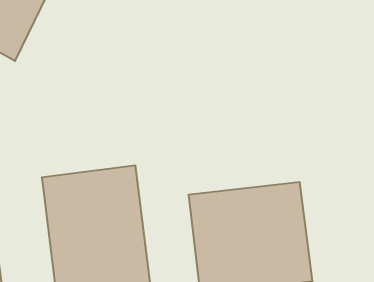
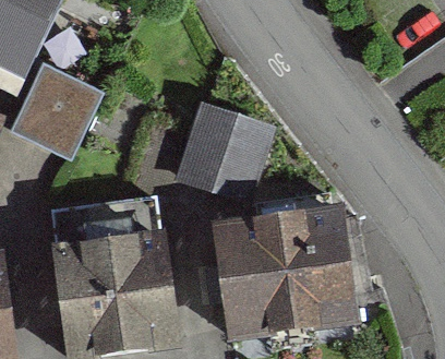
building: none -> [12,62,103,155]
building: none -> [170,101,265,196]

